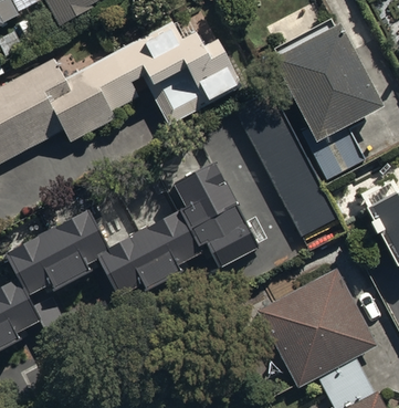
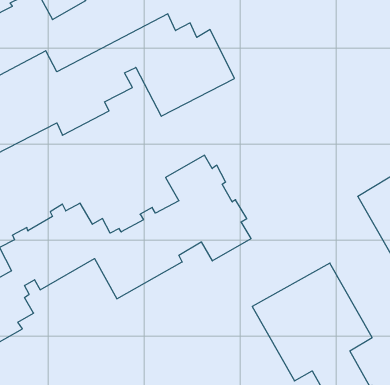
building: [271,19,380,180] -> none
building: [233,92,344,252] -> none

